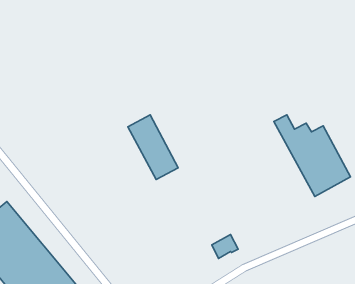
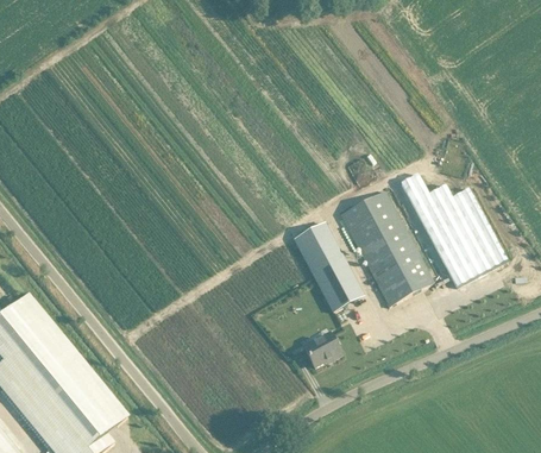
building: [128,115,178,180] -> [292,220,363,310]
building: none -> [339,189,432,306]

